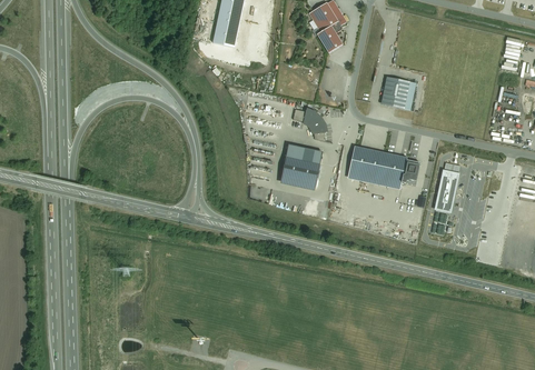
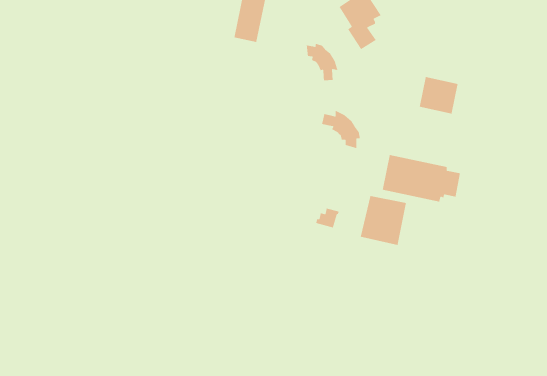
building: none -> [306,43,339,81]
building: [279,144,321,190] -> [360,195,407,246]
building: [434,161,460,212] -> none

